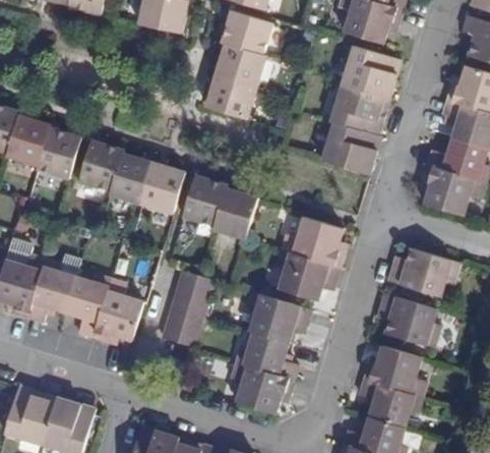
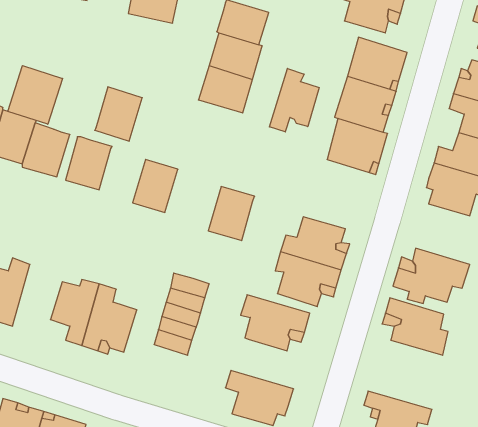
building: none -> [8,66,63,124]
building: none -> [269,68,319,132]
building: [110,152,155,203] -> [95,87,142,141]
building: [183,174,227,226] -> none
building: [29,261,76,323] -> none
building: [235,331,298,378] -> none
building: [364,344,429,397] -> none

